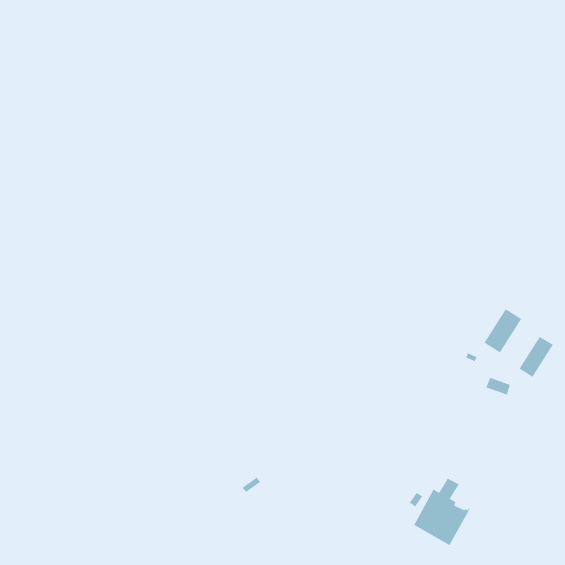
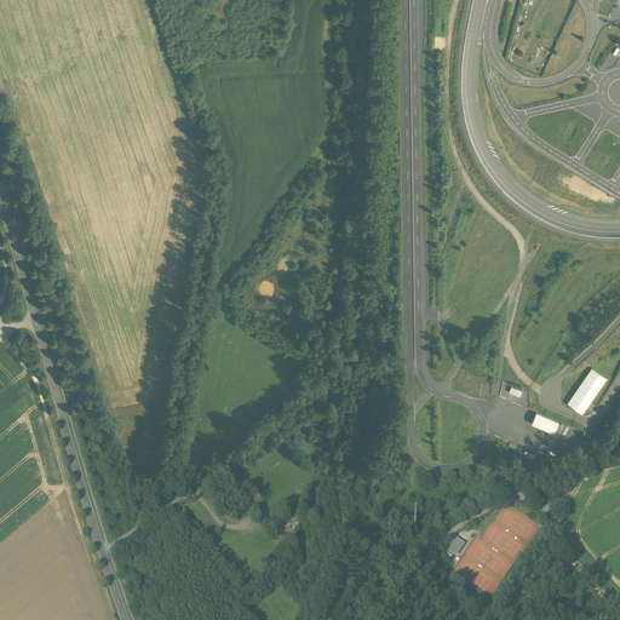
building: [484,308,522,353] -> none

